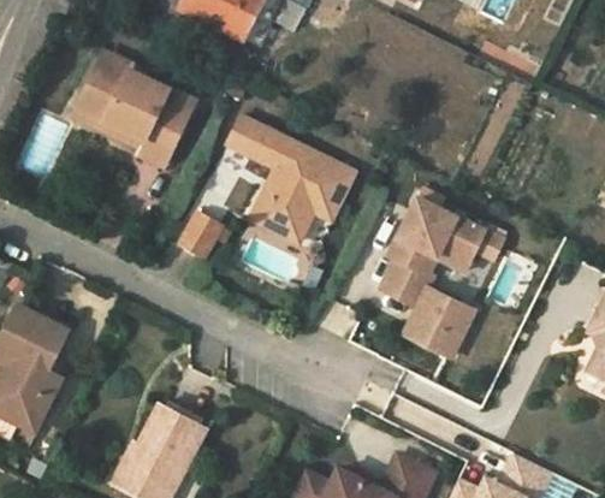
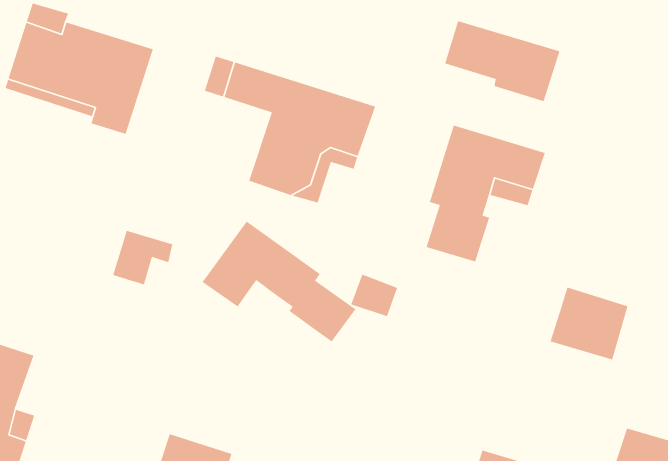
building: none -> [444,20,560,102]
building: [182,209,233,255] -> [112,230,173,285]
building: none -> [201,221,356,342]
building: [405,294,471,357] -> [550,287,629,361]

